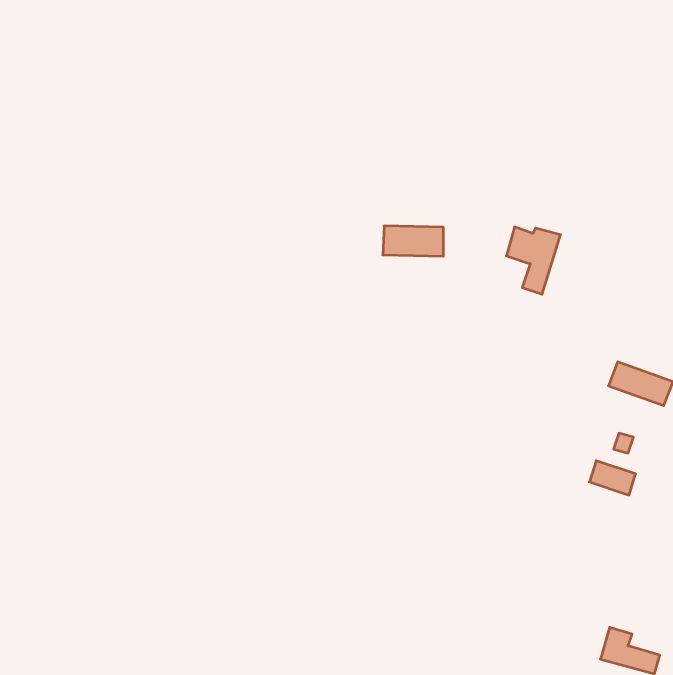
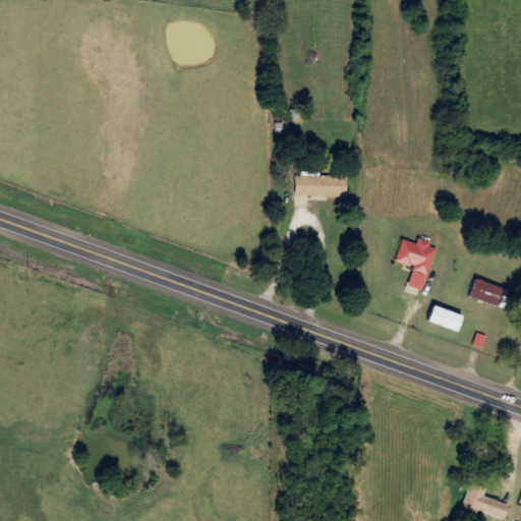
building: [506,227,561,294] -> [396,239,438,291]
building: [589,461,636,495] -> [427,305,463,332]

